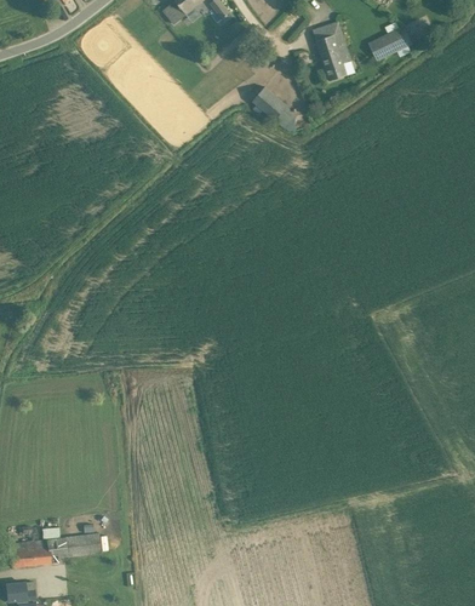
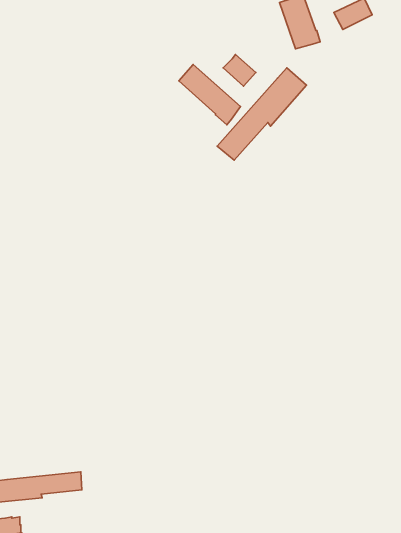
building: none -> [179,64,240,125]
building: none -> [217,68,306,160]

